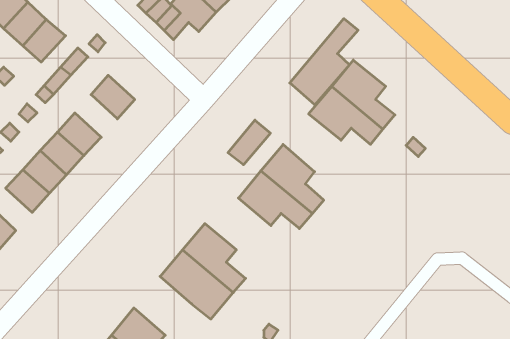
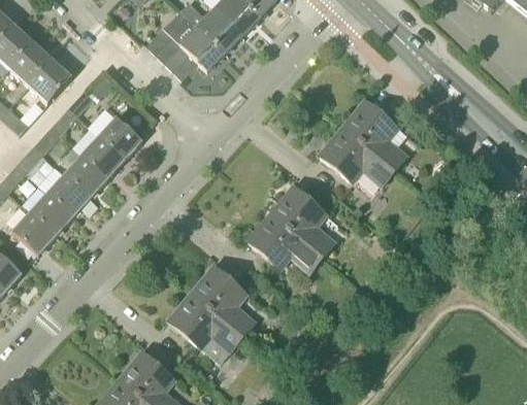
building: [290,19,358,105] -> none
building: none -> [81,135,125,178]
building: [228,120,270,165] -> none

